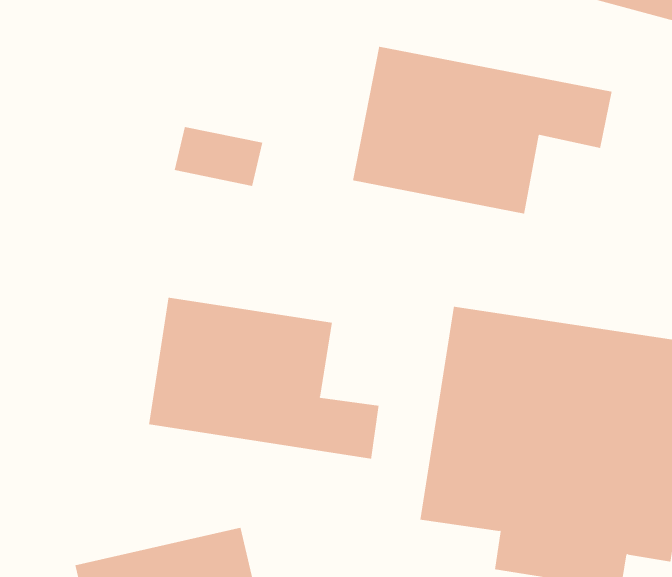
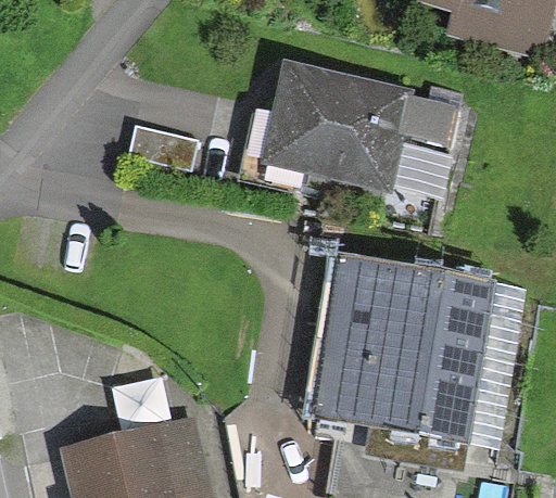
building: [149,297,379,459] -> none

